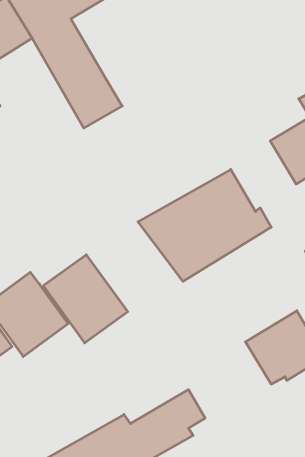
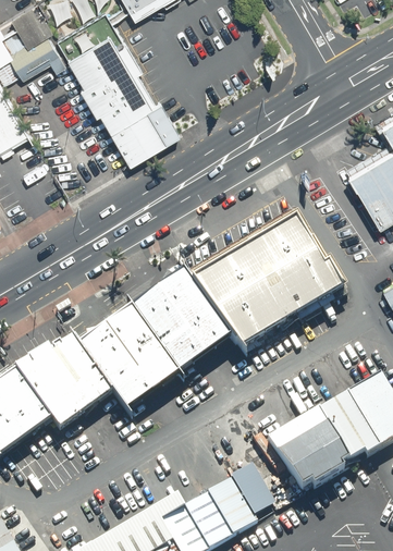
building: none -> [136,272,236,376]
building: none -> [266,413,351,494]

